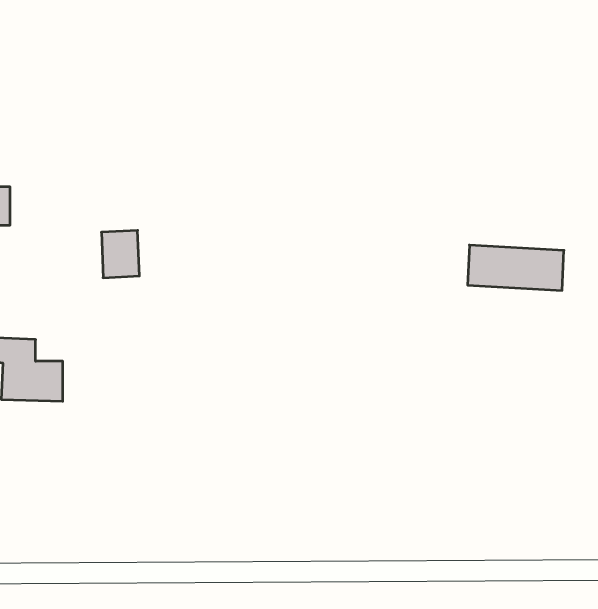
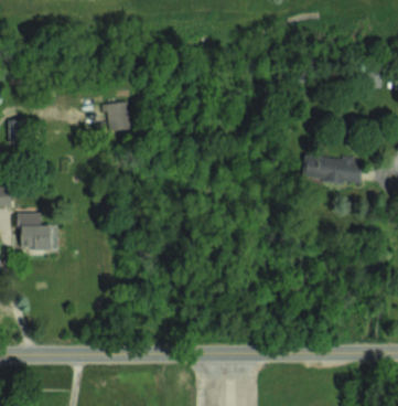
building: [101,230,139,278] -> [106,101,129,130]

